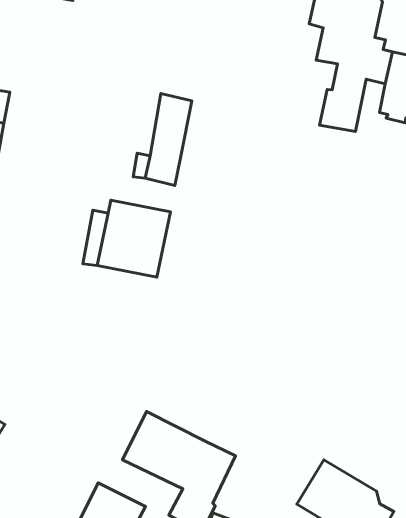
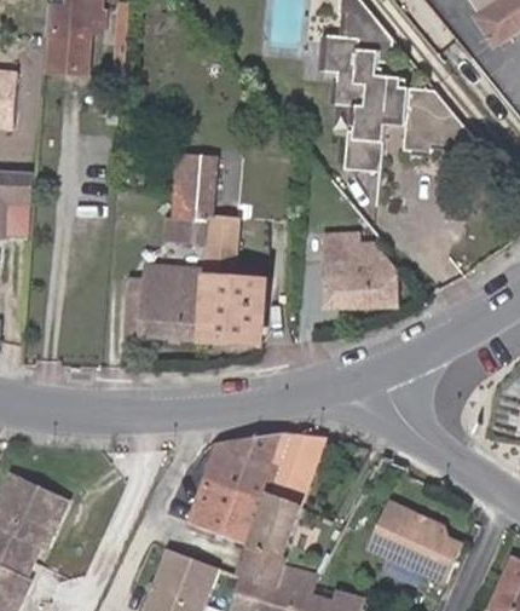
building: none -> [201,218,266,342]
building: none -> [324,235,397,310]
building: none -> [206,433,324,507]

